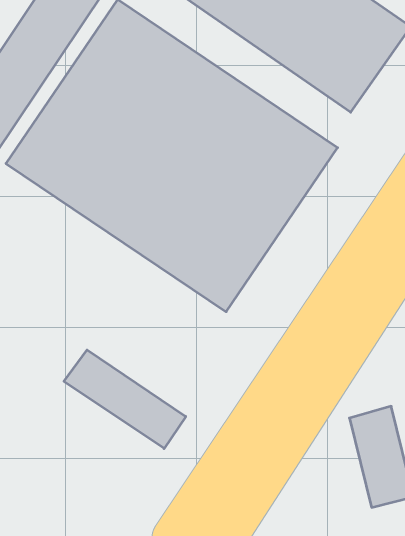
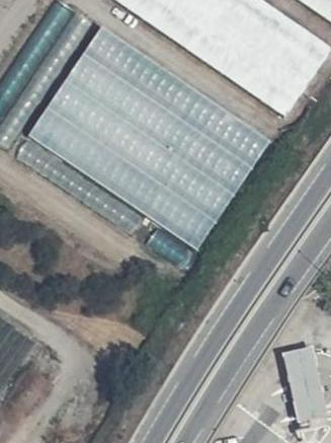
building: [64,350,186,449] -> none

